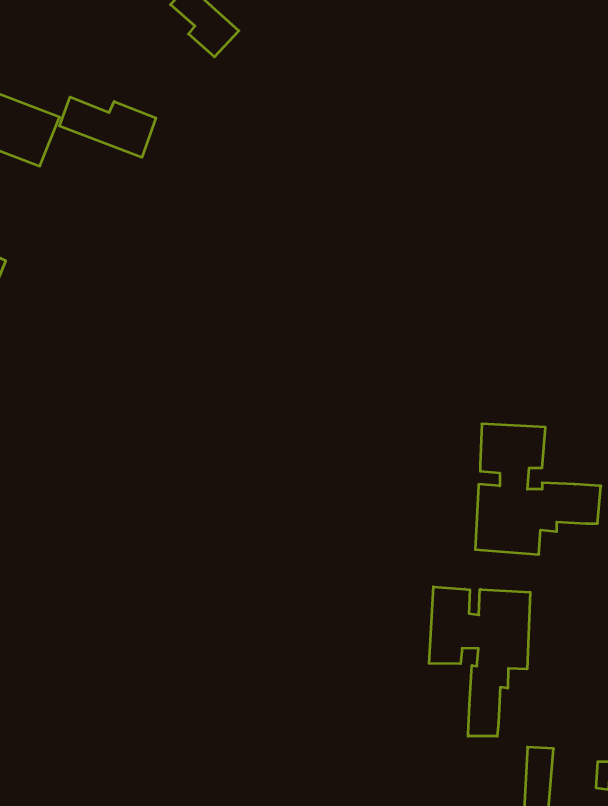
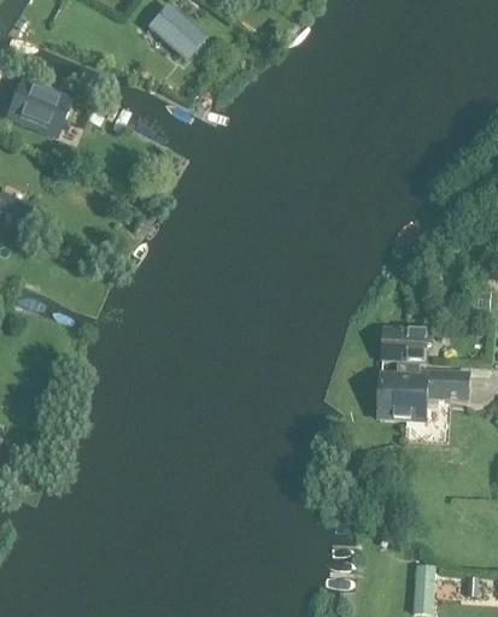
building: [59,97,156,157] -> none
building: [429,587,530,736] -> none

